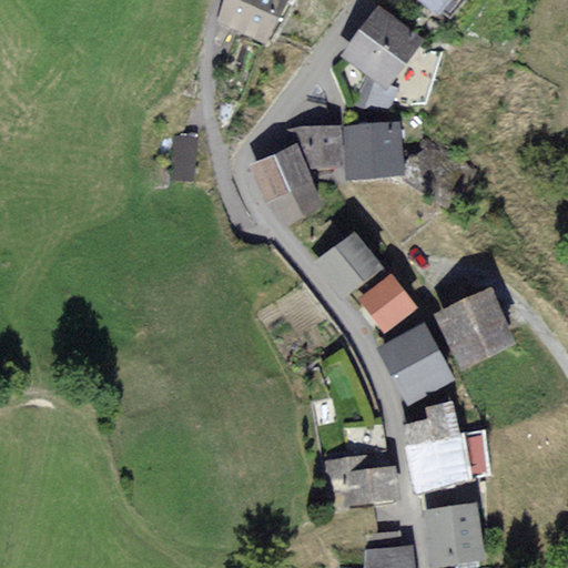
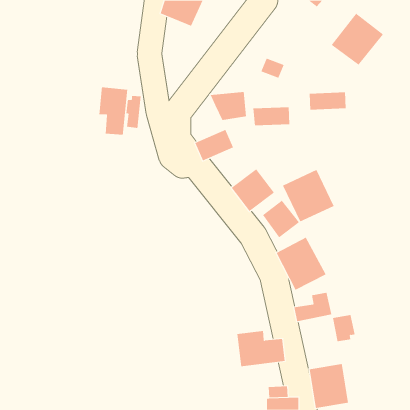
building: [346,9,419,82] -> [331,13,384,66]
building: none -> [99,87,128,136]
building: [347,124,399,150] -> [309,92,347,110]
building: [254,145,312,197] -> none
building: [438,291,510,364] -> [282,169,334,222]
building: [409,435,466,486] -> none

